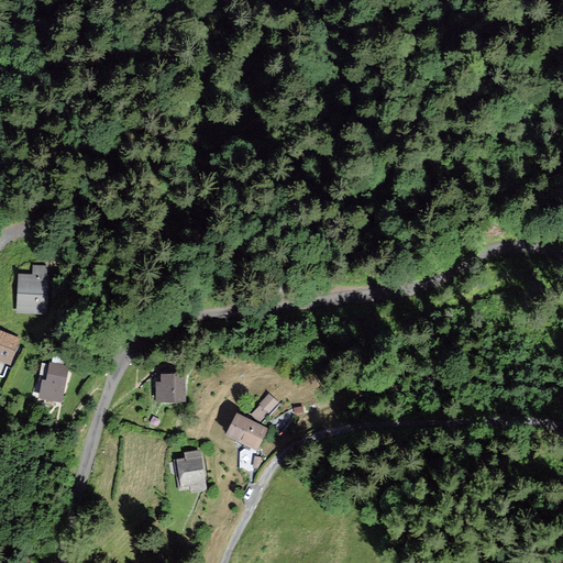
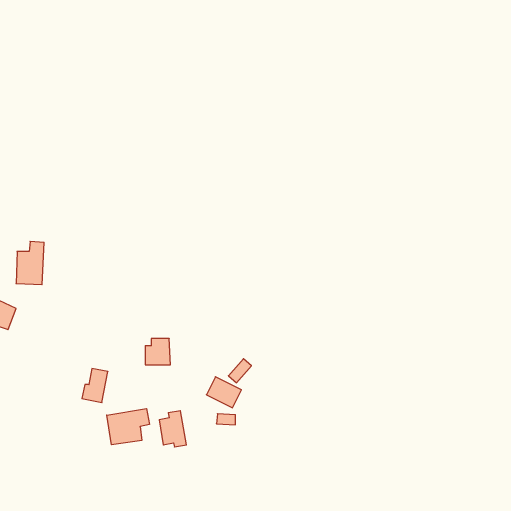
building: [38,363,67,400] -> [82,369,108,403]
building: none -> [107,409,149,445]

